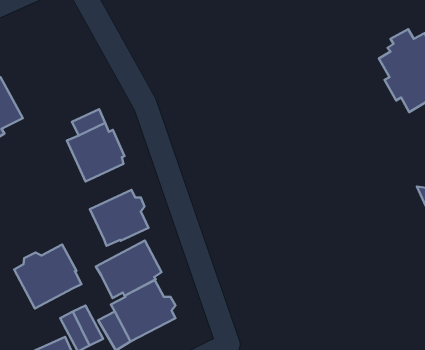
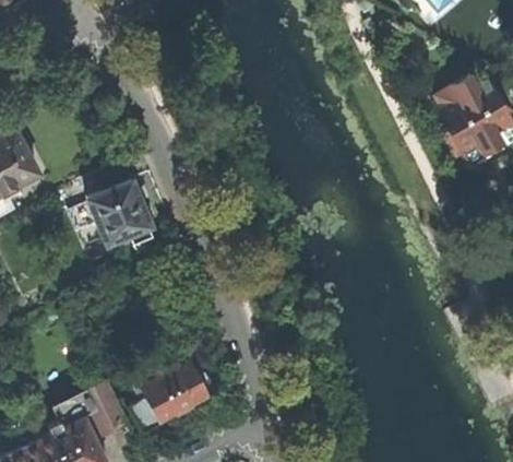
building: [90,190,148,246] -> none
building: [96,241,161,298] -> none
building: [14,244,81,309] -> none

